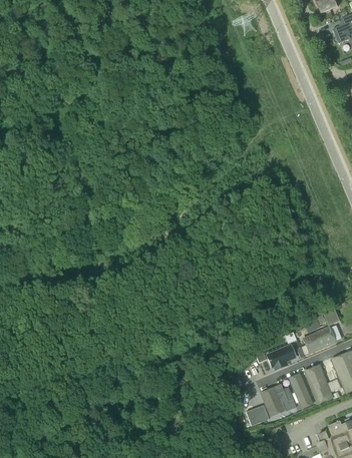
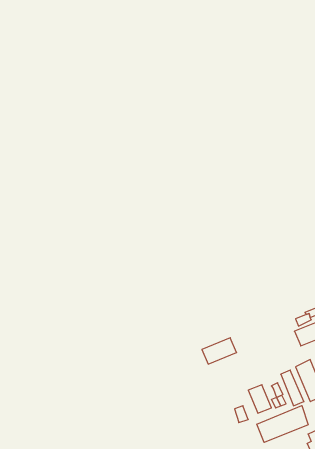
building: [266,344,299,369] -> [202,338,237,364]
building: none -> [257,406,308,442]

